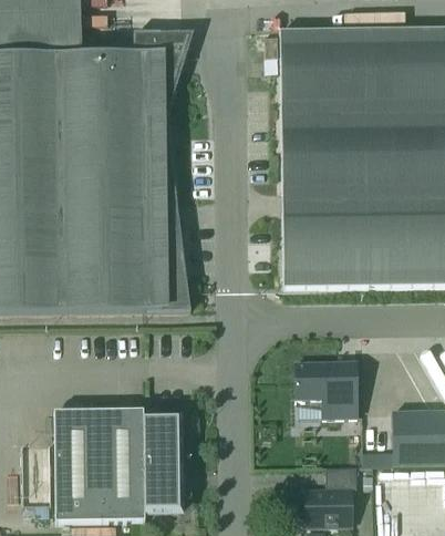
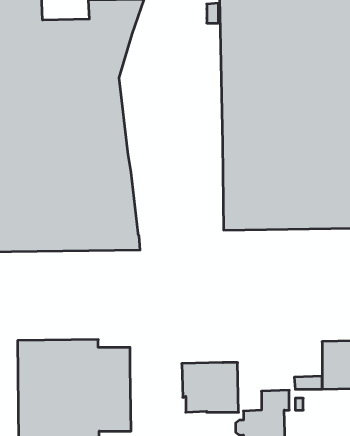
building: [294,361,358,416] -> [182,363,239,412]

